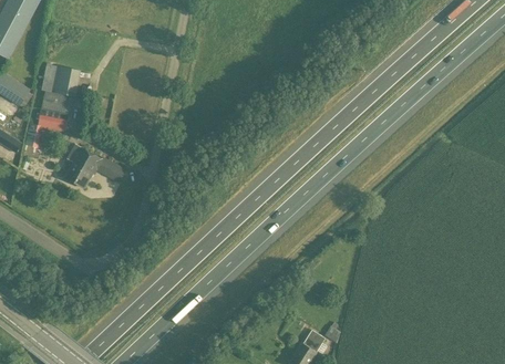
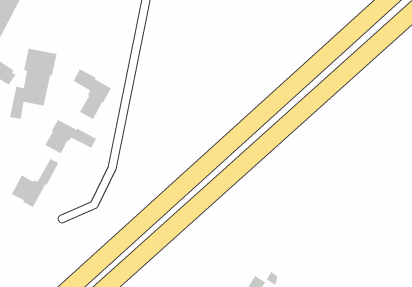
building: none -> [72,68,112,120]
building: none -> [11,158,59,208]

